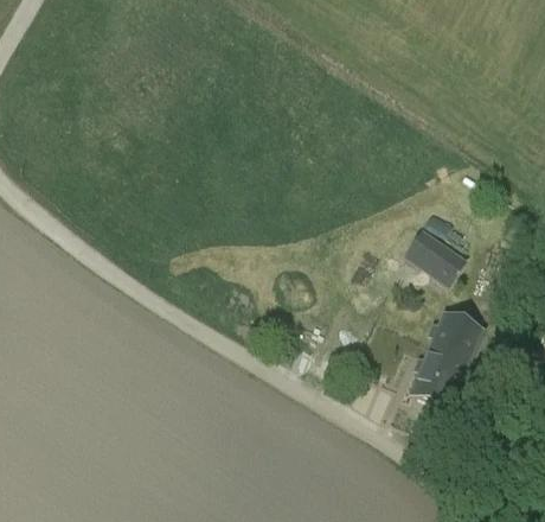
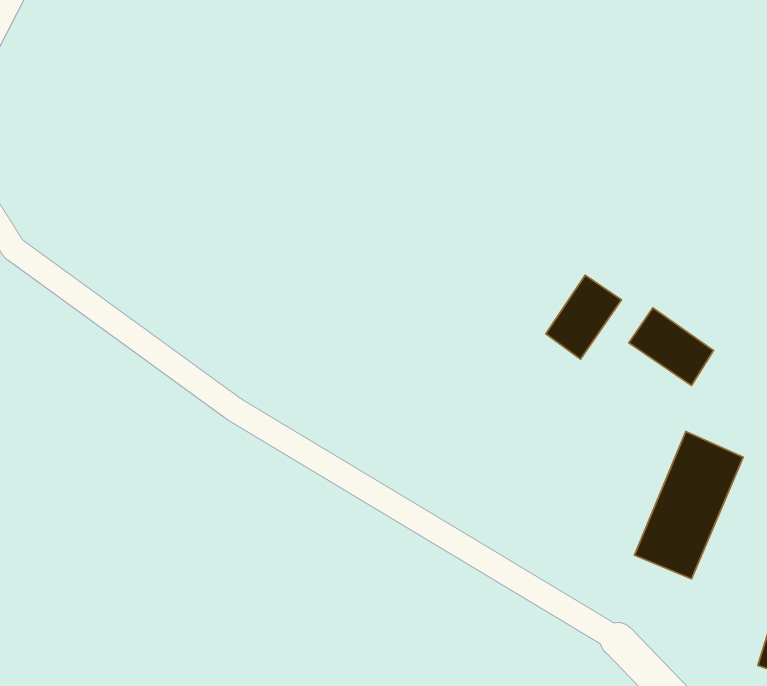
building: none -> [546,275,621,359]

